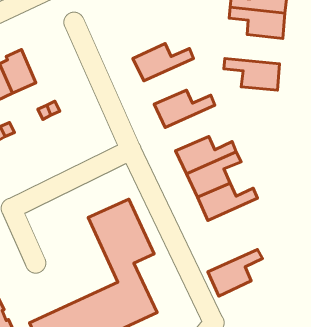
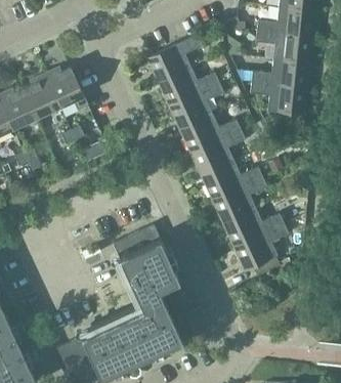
building: none -> [146,35,202,83]
building: none -> [251,58,309,88]
building: none -> [45,67,84,108]
building: none -> [169,83,224,129]
building: none -> [190,130,246,176]
building: [208,250,262,296] -> [233,224,289,271]

